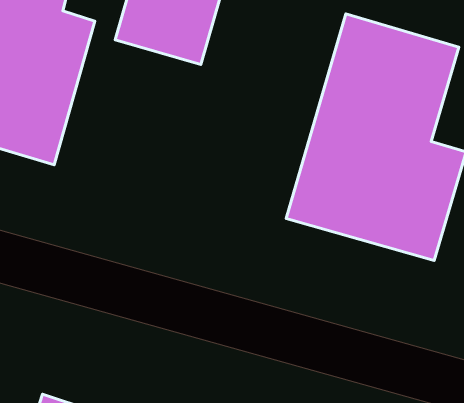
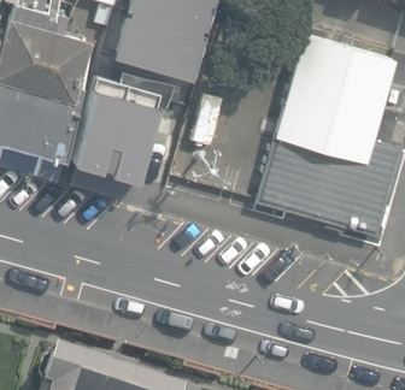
building: none -> [76,78,163,176]

